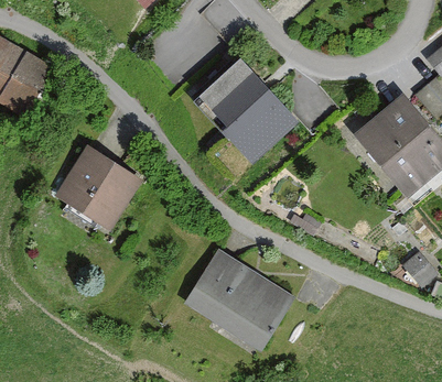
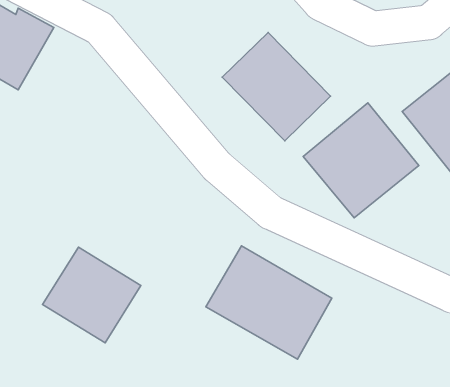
building: none -> [303,103,419,218]
building: [54,146,139,229] -> [43,247,141,343]

